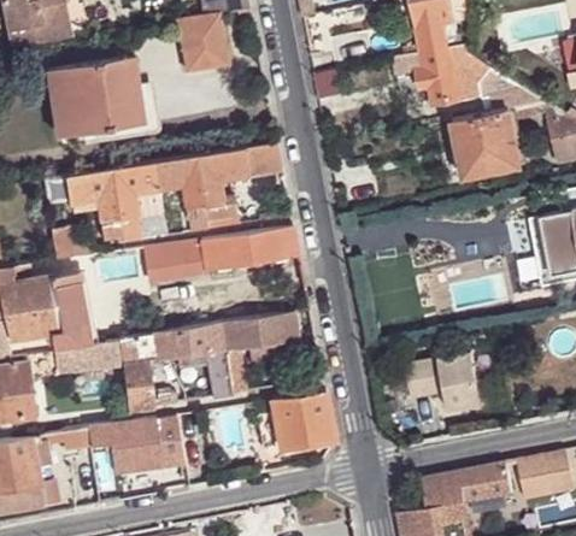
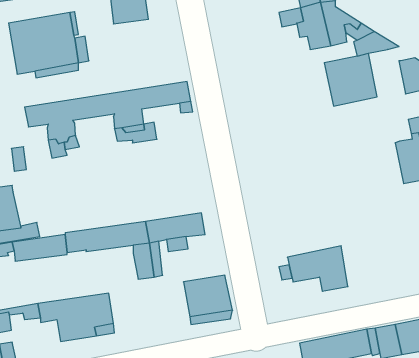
building: [141,228,298,279] -> none
building: [54,282,89,330] -> none
building: [123,360,152,410] -> none

